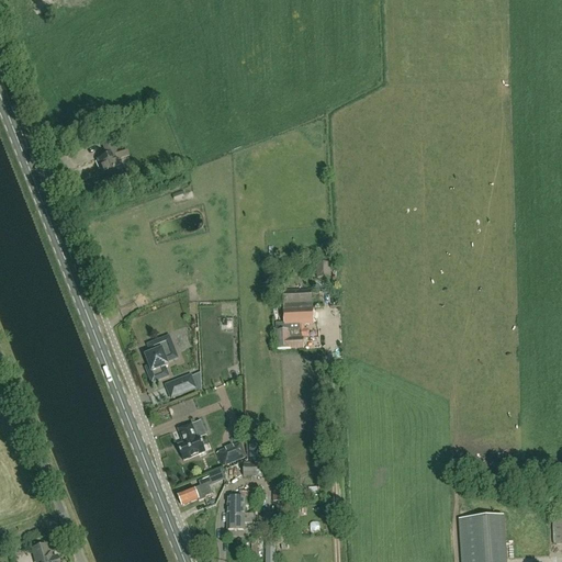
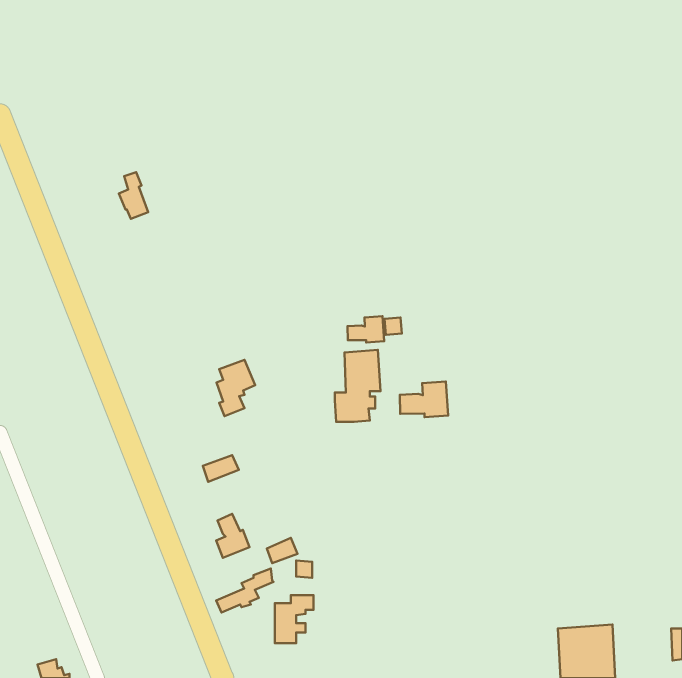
building: none -> [348,316,384,343]
building: none -> [400,381,448,417]
building: [146,335,178,381] -> [216,360,255,416]

